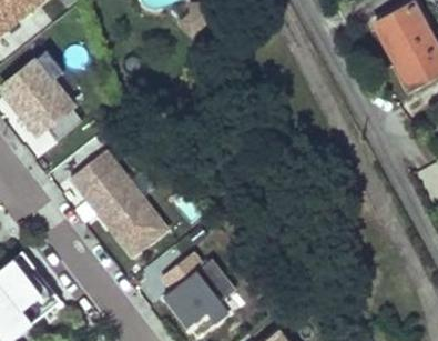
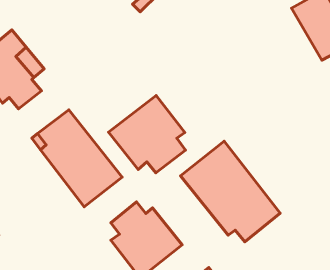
building: none -> [108,95,185,173]
building: none -> [181,141,280,242]

